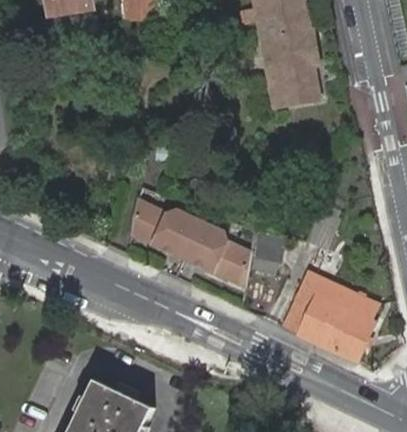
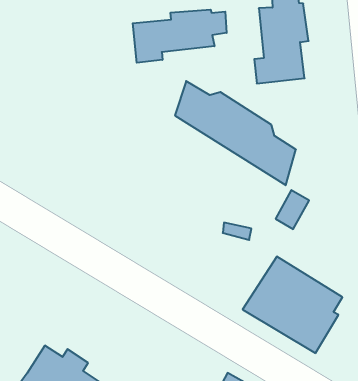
building: none -> [133,10,227,63]
building: [131,199,250,288] -> [175,81,296,185]

